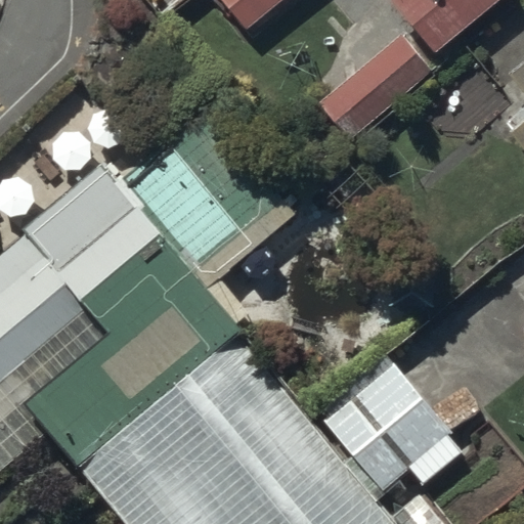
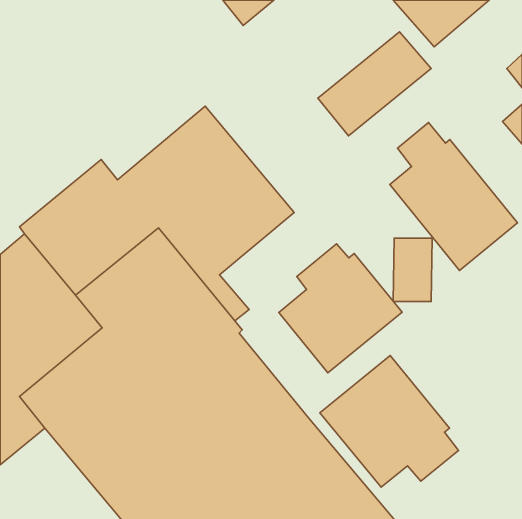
building: none -> [390,123,518,270]
building: none -> [279,244,402,373]

